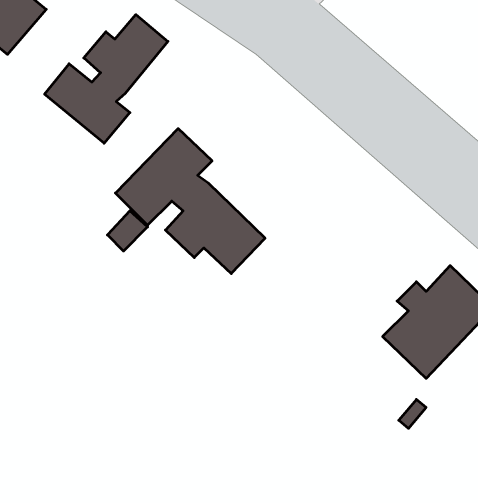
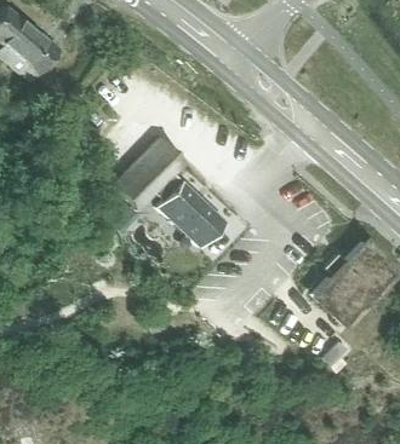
building: [45,15,168,143] -> none

